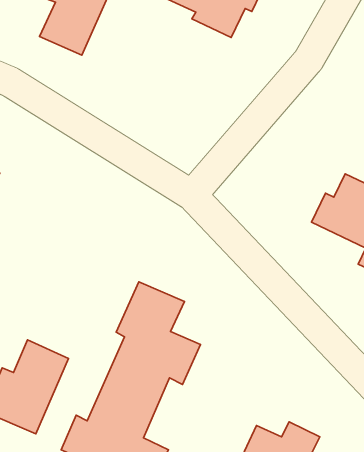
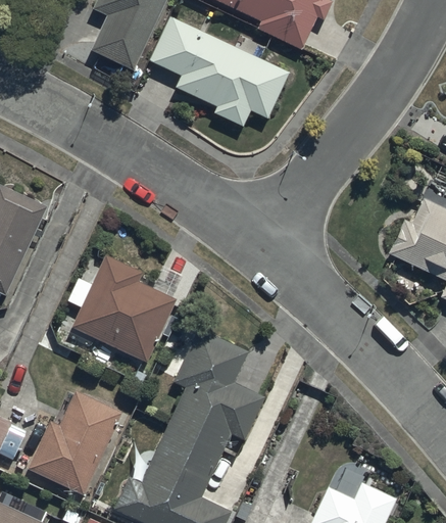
building: none -> [149,22,291,132]
building: none -> [69,249,185,356]

